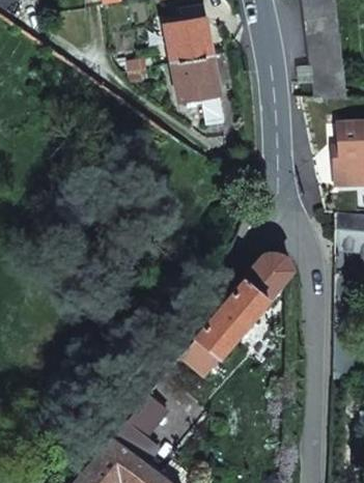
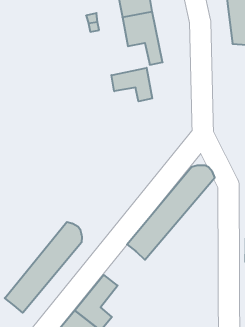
building: none -> [111,68,152,101]
building: none -> [5,222,82,313]

